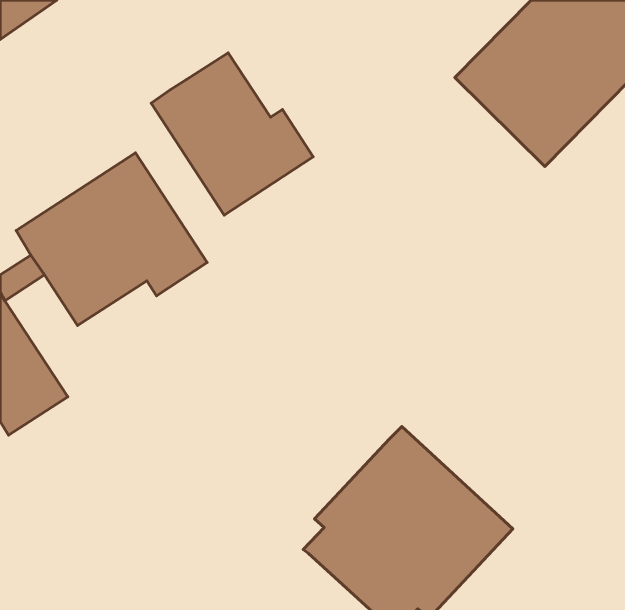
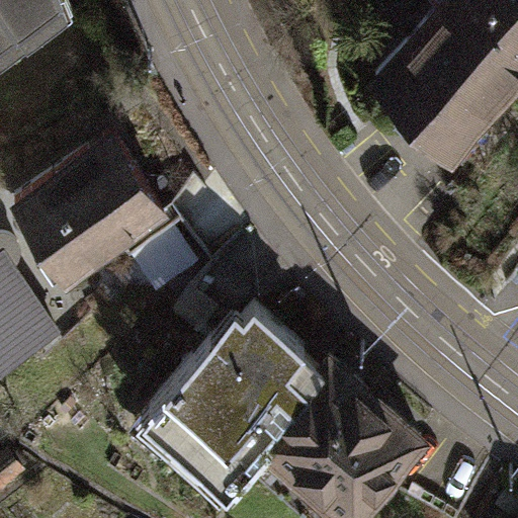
building: [151,53,313,215] -> none
building: none -> [151,314,324,492]

